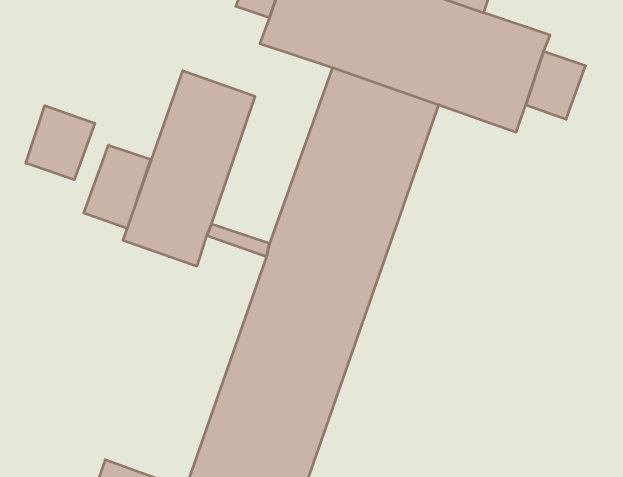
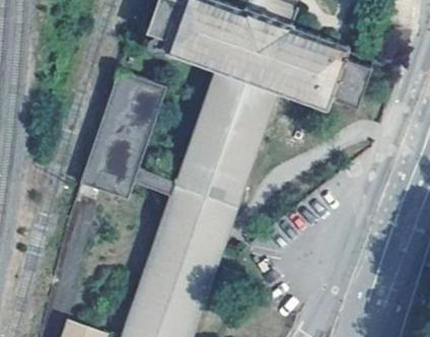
building: [26,106,95,180] -> none
building: [84,145,150,228] -> none

